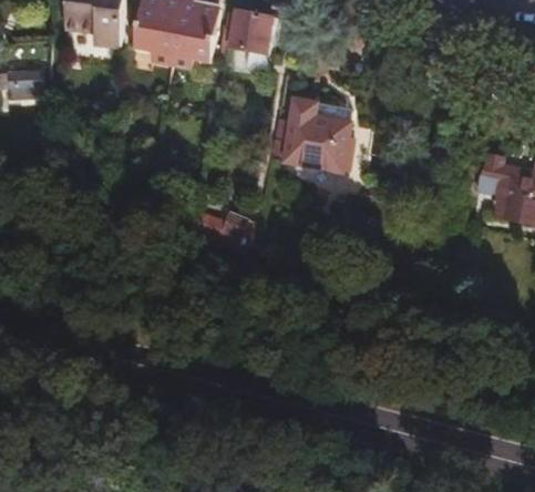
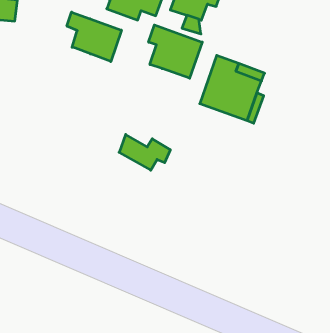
building: none -> [149,25,202,78]
building: none -> [67,12,121,62]

